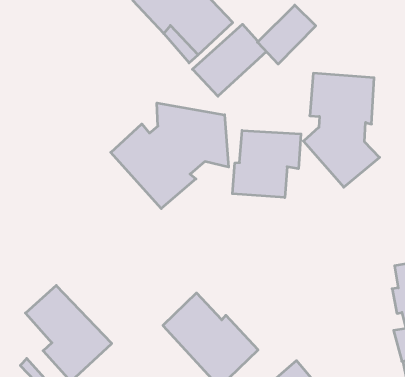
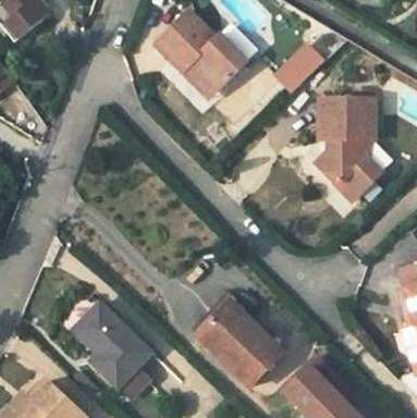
building: [111,103,229,209] -> none
building: [232,130,301,198] -> none

